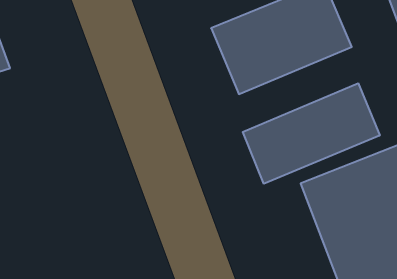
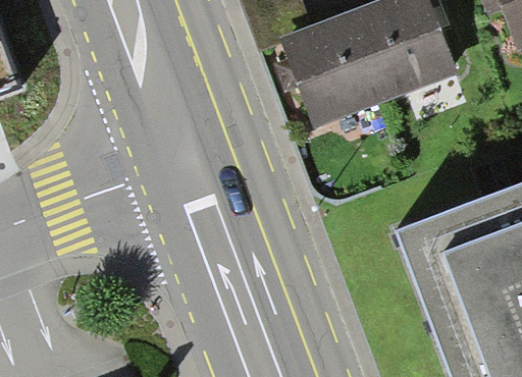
building: [243,83,380,184] -> none

